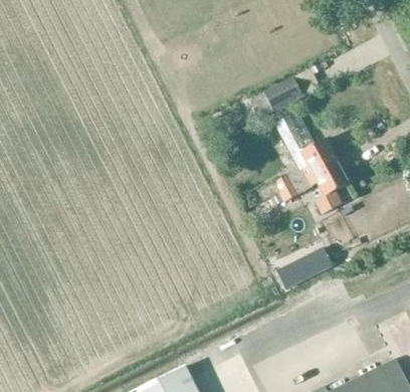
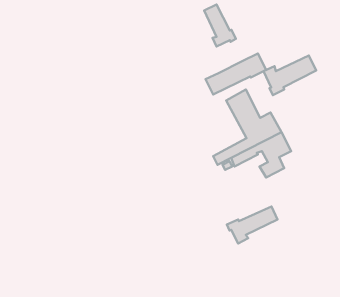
building: none -> [204,5,236,46]
building: none -> [264,56,316,95]

